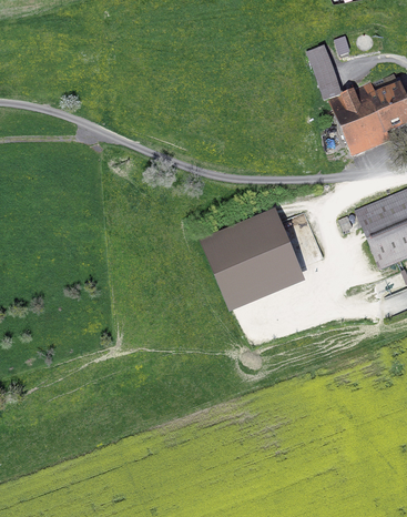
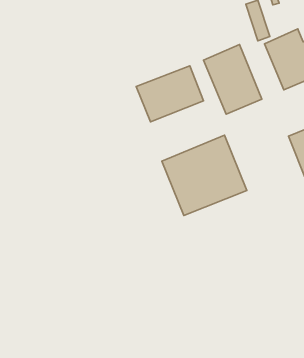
building: none -> [203,45,262,114]
building: none -> [136,66,204,122]

